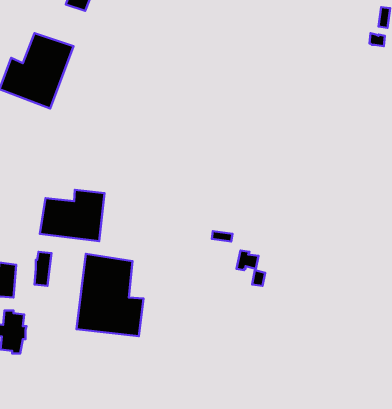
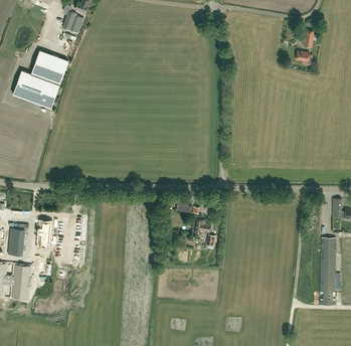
building: [40,190,104,241] -> none
building: [77,254,143,336] -> none

